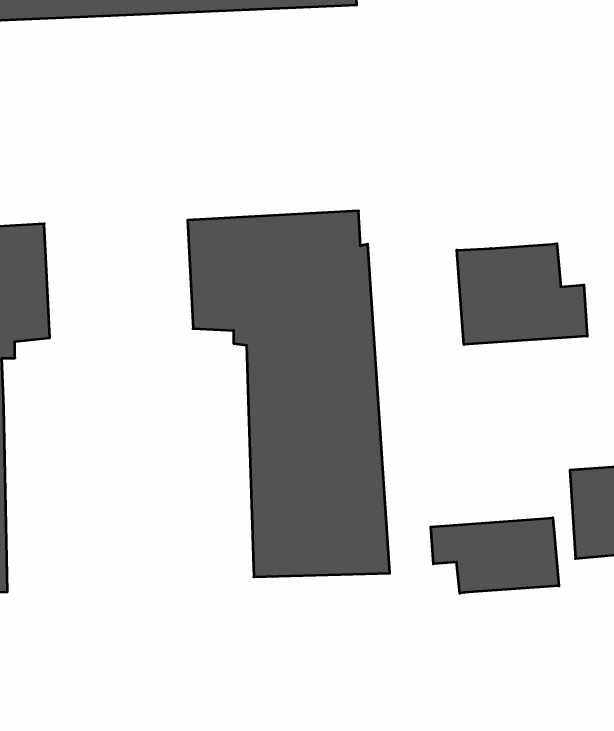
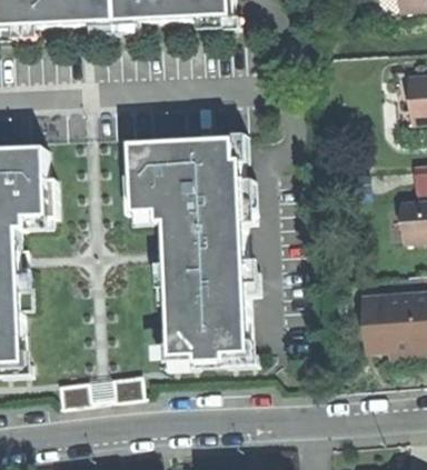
building: [457,244,587,345] -> none
building: [431,518,559,593] -> none

